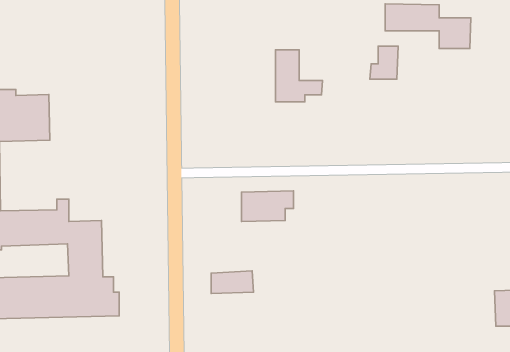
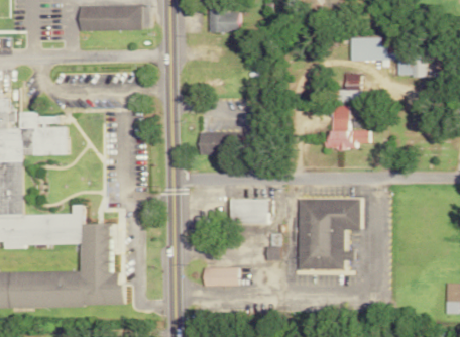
building: [275,50,323,102] -> [330,105,370,149]
building: none -> [198,131,228,154]
building: none -> [297,199,360,268]

